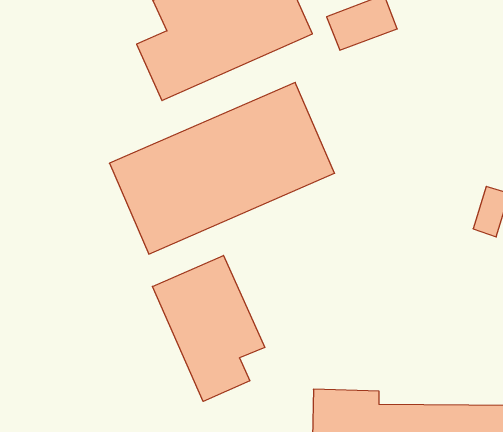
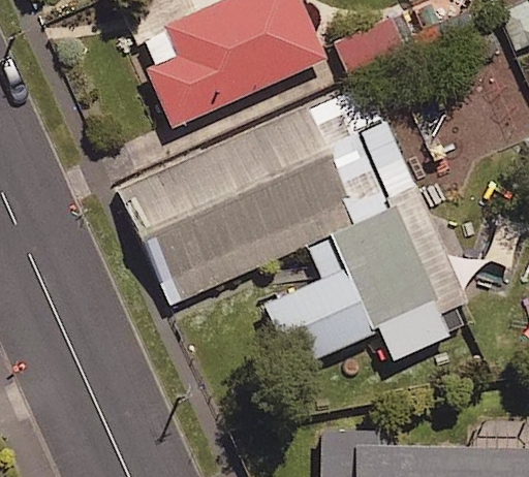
building: none -> [268,205,441,367]
building: [152,255,265,401] -> none

